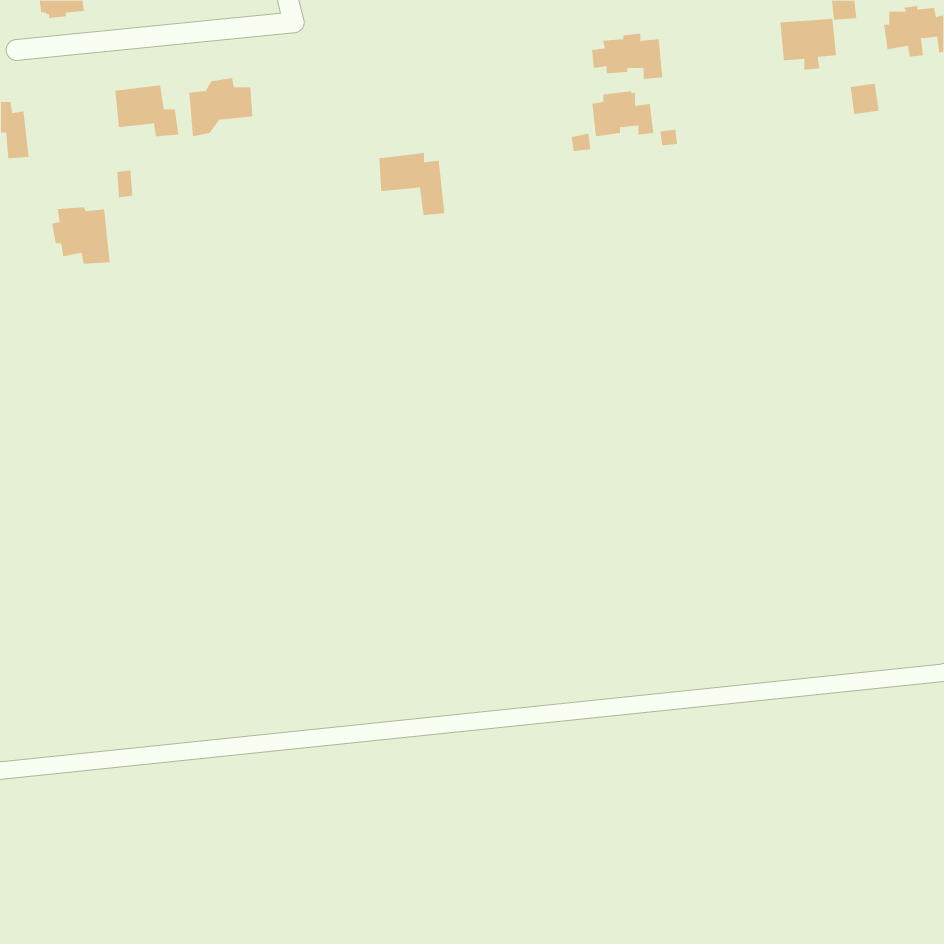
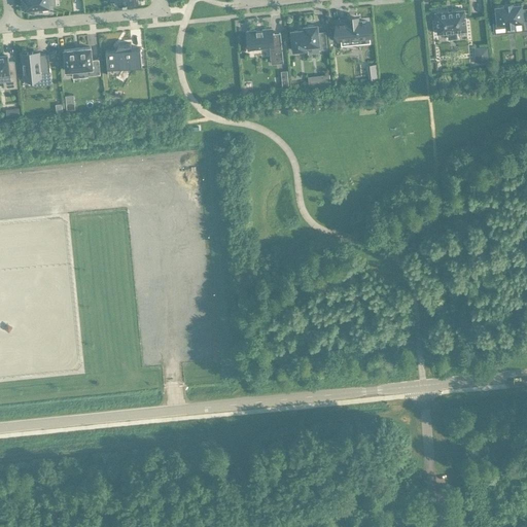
building: [591,91,654,137] -> [291,25,326,50]
building: [379,153,445,215] -> [246,29,283,64]
building: [51,207,110,264] -> [17,54,50,85]

